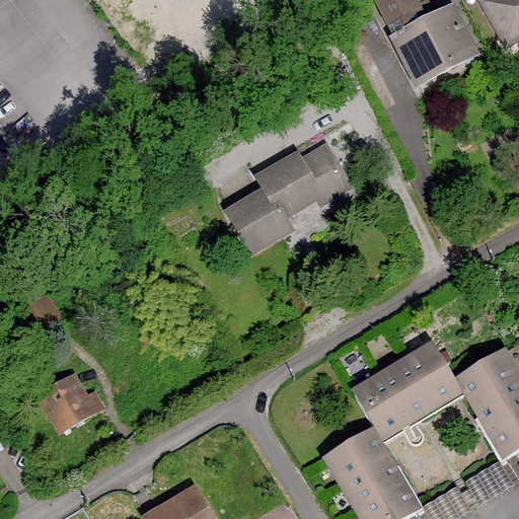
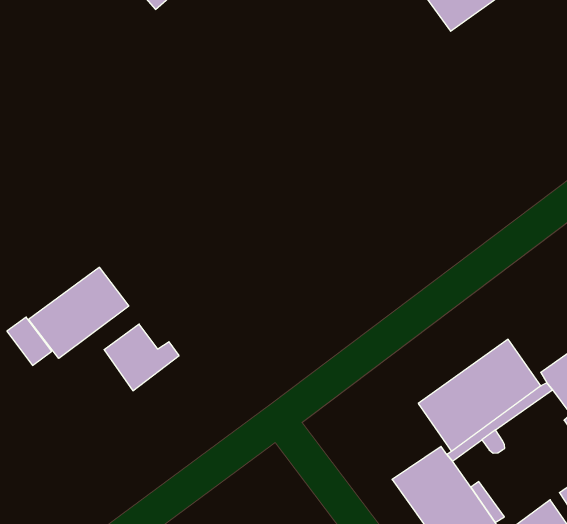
building: [228,148,345,249] -> none
building: none -> [29,267,129,358]
building: [42,374,103,429] -> [104,324,179,391]

